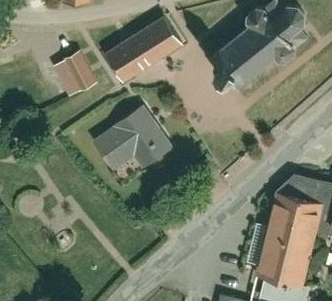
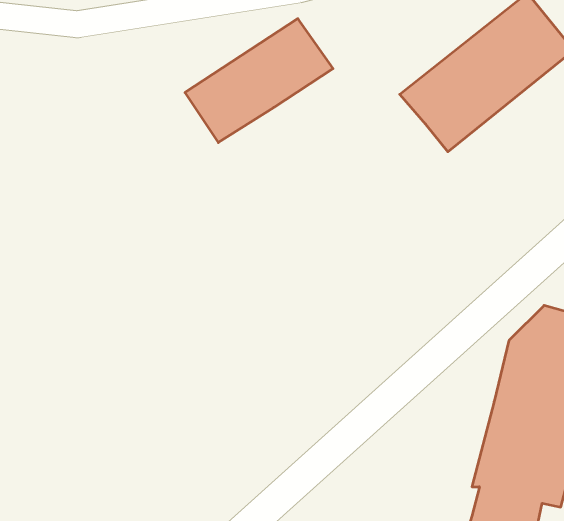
building: [52,51,95,96] -> none
building: [92,106,171,171] -> none

